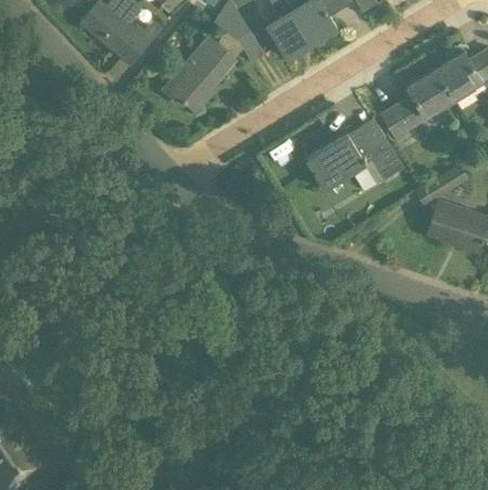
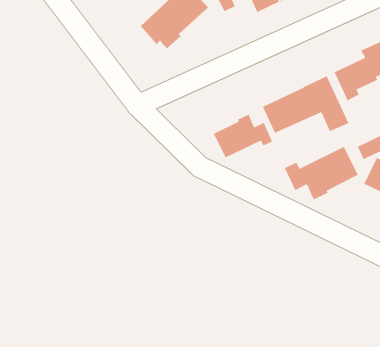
building: none -> [213,114,273,159]
building: none -> [284,146,359,201]

